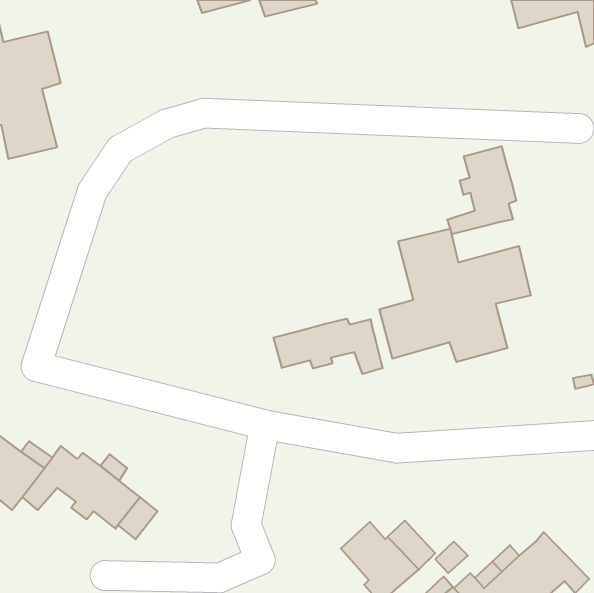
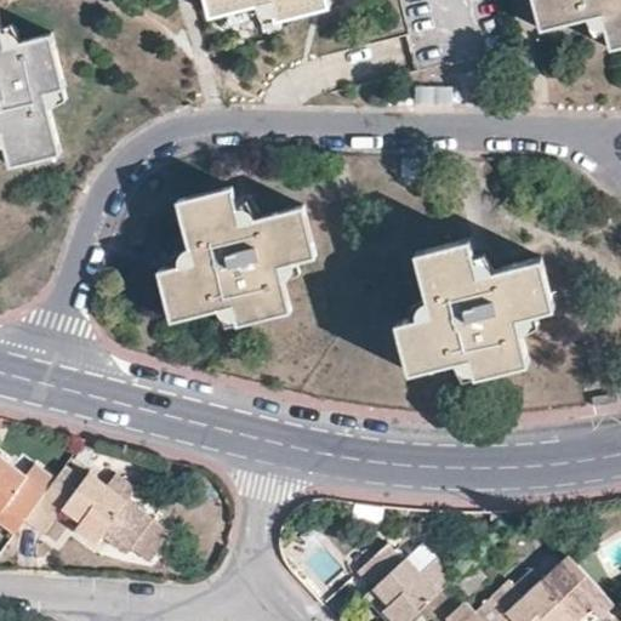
building: [447,146,516,234] -> none
building: none -> [156,189,314,327]
building: [274,319,383,374] -> none

